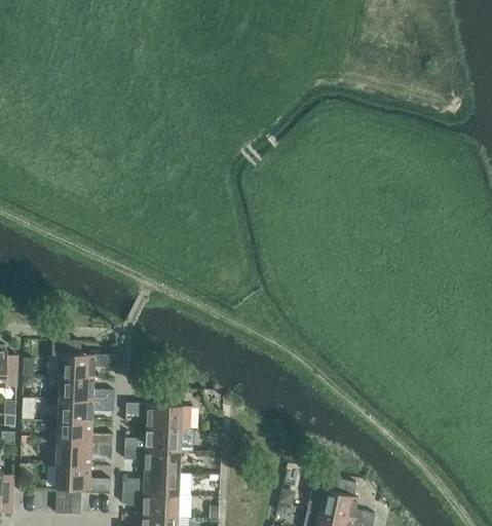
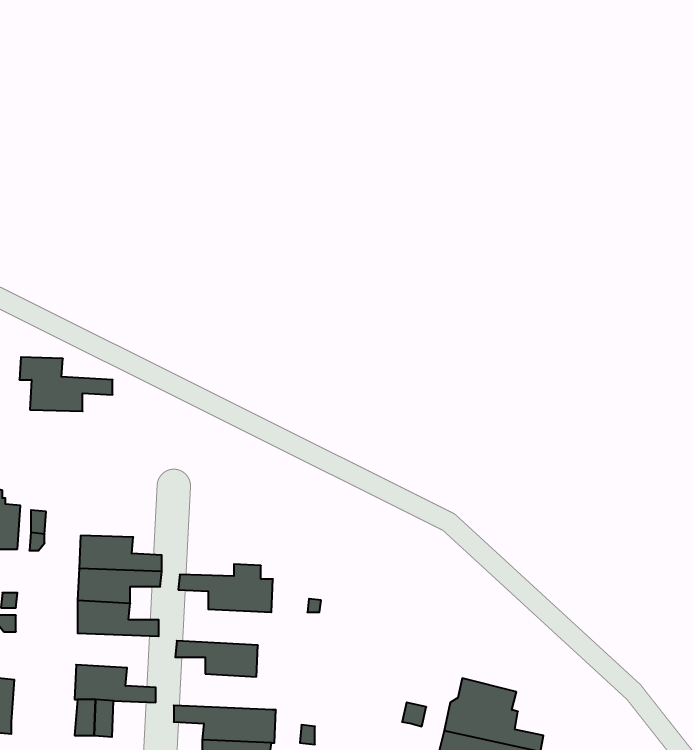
building: [50,341,114,378] -> [19,357,113,411]
building: [123,427,193,452] -> none
building: [54,444,111,467] -> none
building: [121,472,190,496] -> none

